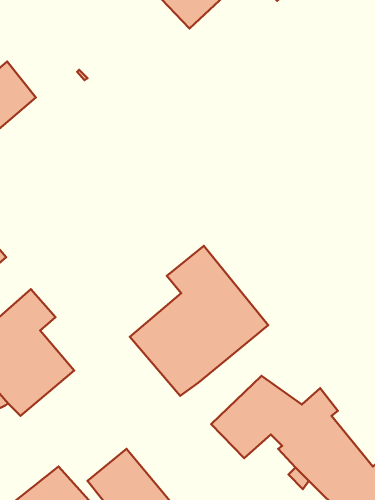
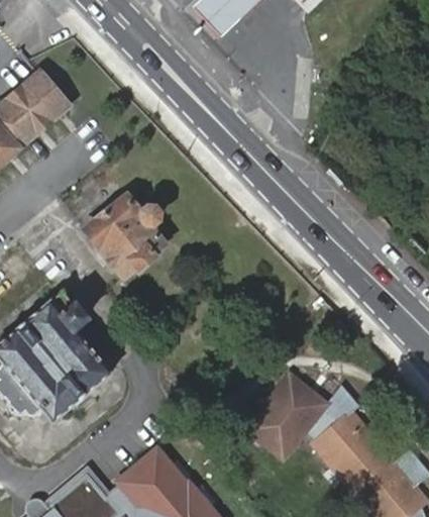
building: none -> [84,192,169,279]
building: [130,246,268,396] -> none

